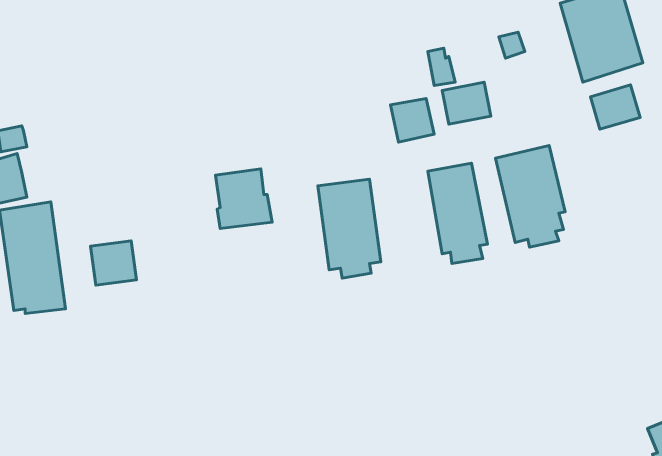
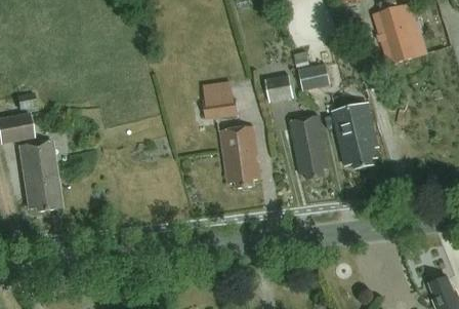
building: [590,85,640,129] -> none
building: [215,169,272,229] -> [203,80,239,118]
building: [91,241,136,285] -> none

